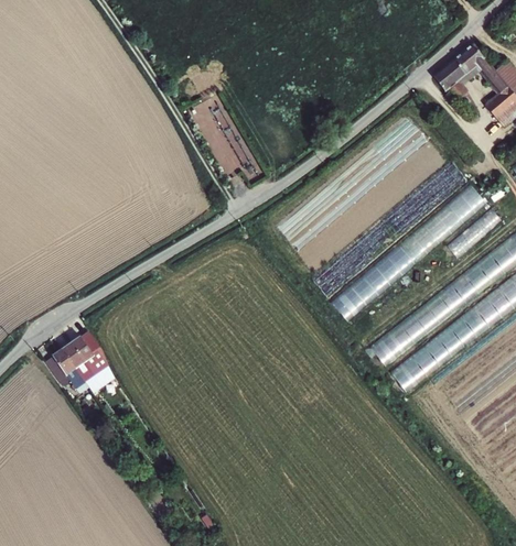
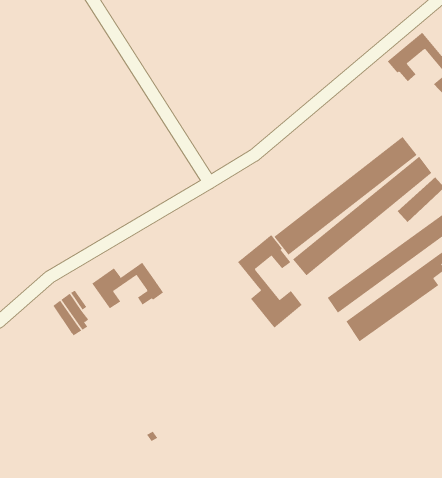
building: none -> [237,234,302,328]
building: none -> [92,262,164,309]
building: [49,351,84,389] -> none

